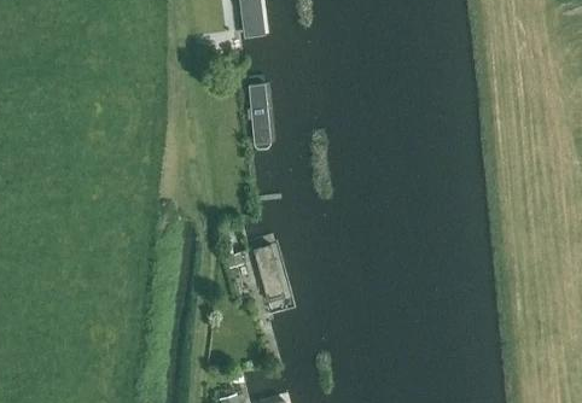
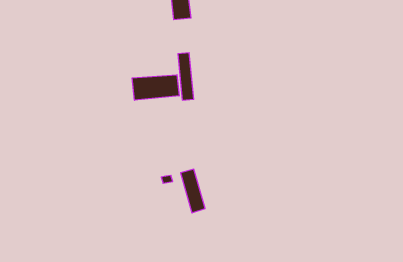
building: none -> [132,75,179,100]

